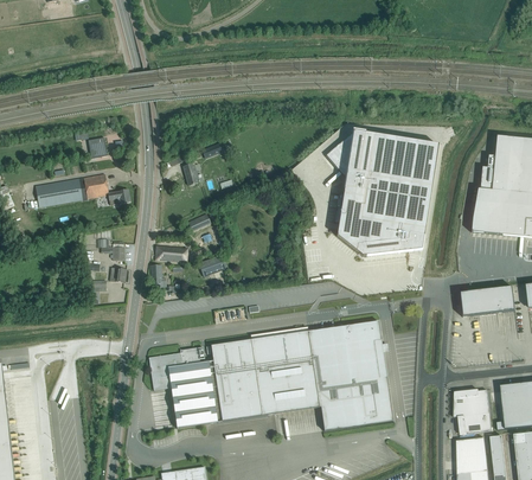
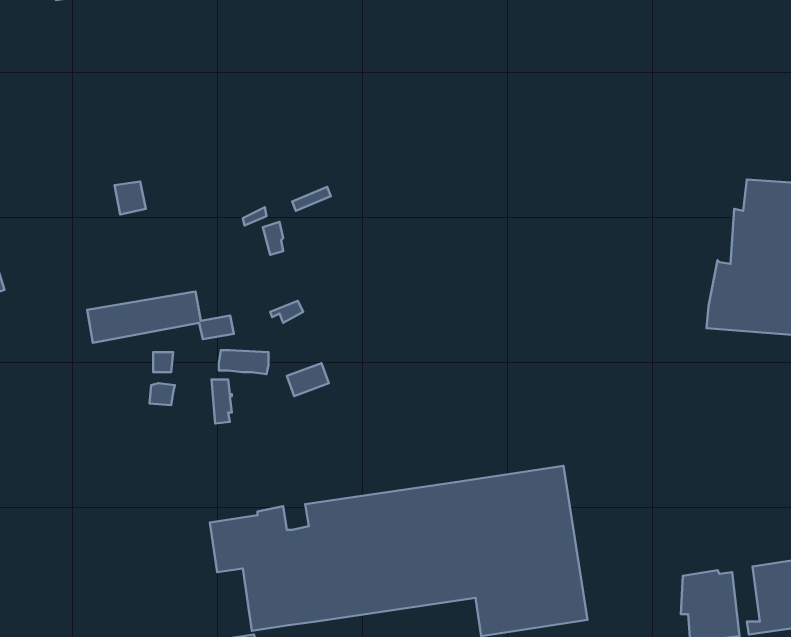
building: [326,130,438,255] -> none
building: [36,173,130,206] -> [87,292,234,343]
building: [460,286,515,315] -> none

